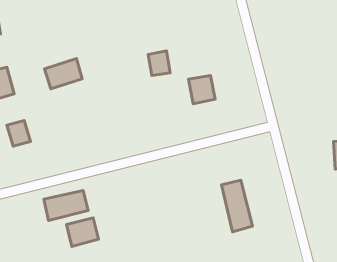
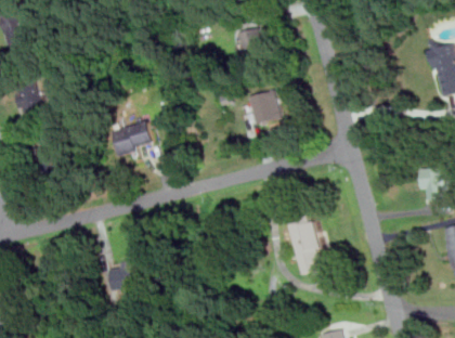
building: [148,51,170,76] -> [236,27,262,56]
building: [44,59,82,89] -> [109,119,154,155]
building: [44,190,88,221] -> none

